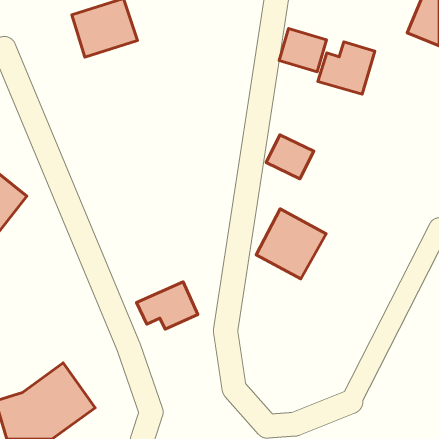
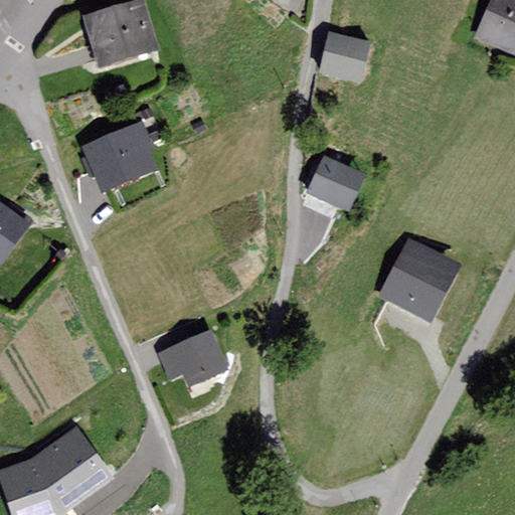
building: [318,42,375,94] -> none
building: none -> [82,126,144,184]
building: [256,209,326,279] -> [377,239,459,321]

